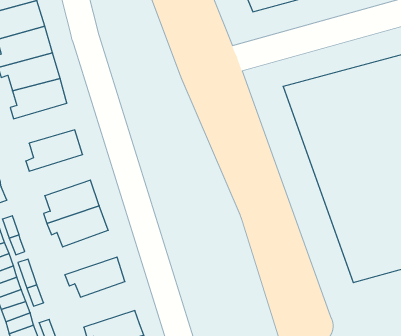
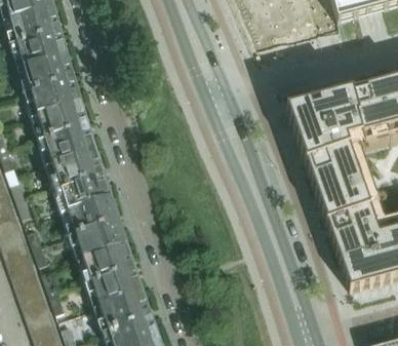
building: none -> [38,125,94,162]
building: none -> [52,172,109,210]
building: none -> [82,242,133,283]
building: none -> [98,290,150,332]

